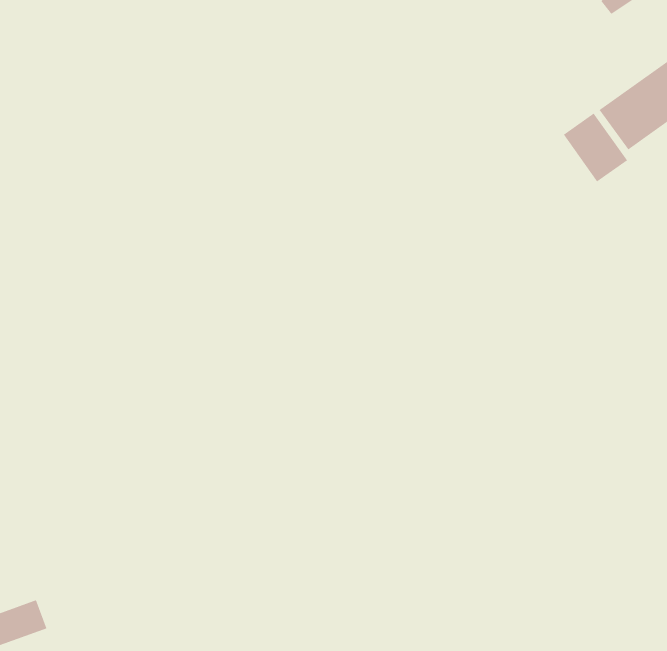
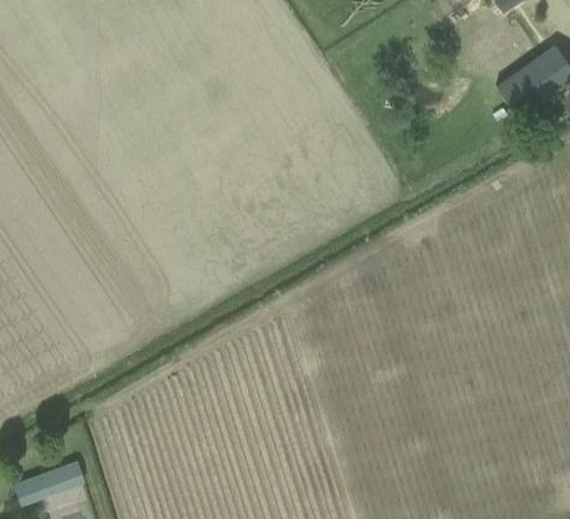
building: [563,113,628,183] -> none

